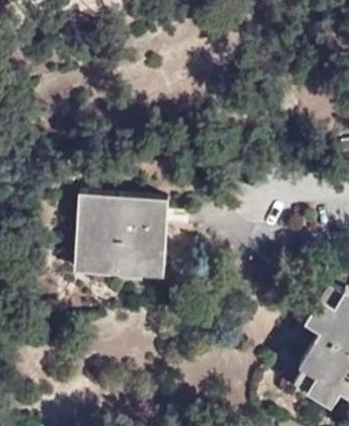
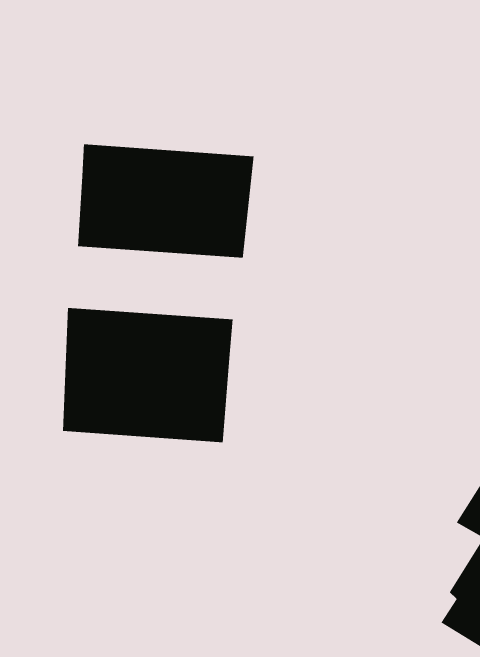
building: none -> [77,143,254,258]

